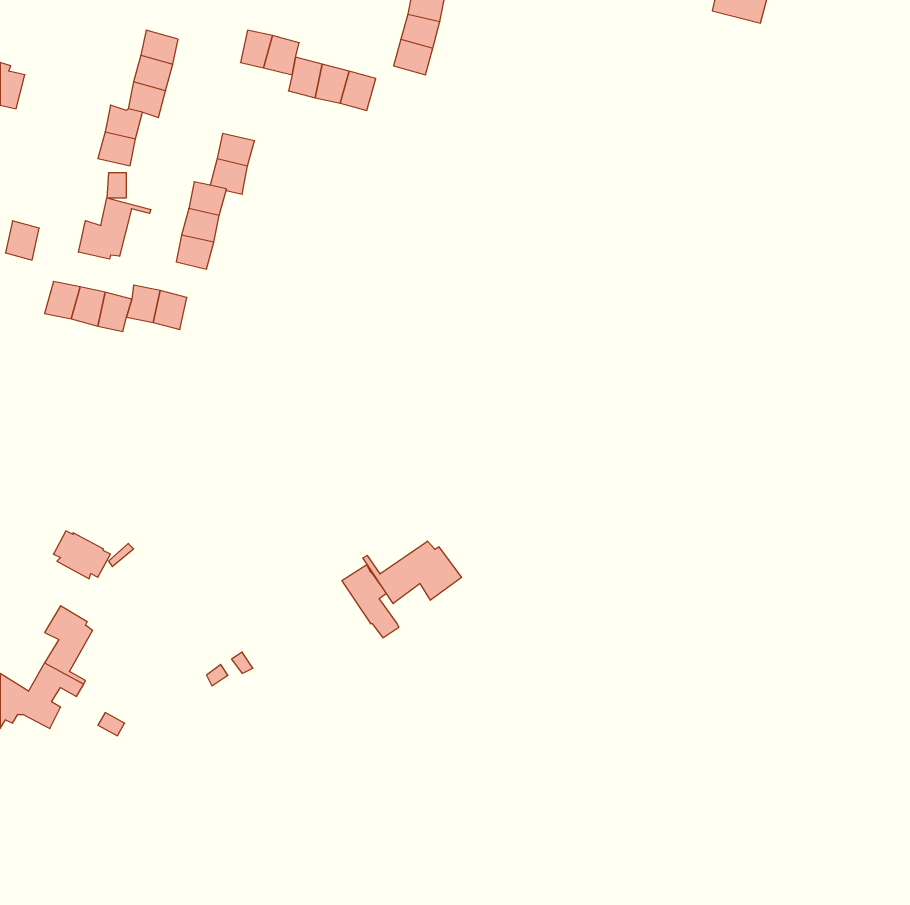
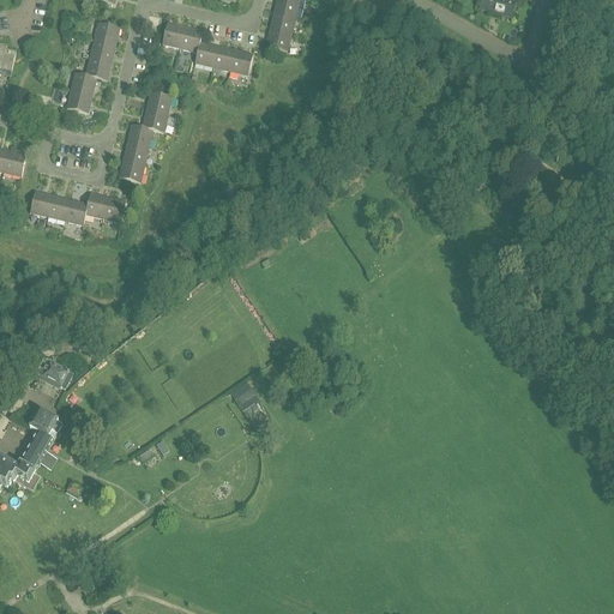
building: [78,198,151,259] -> none
building: [363,541,461,604] -> none

